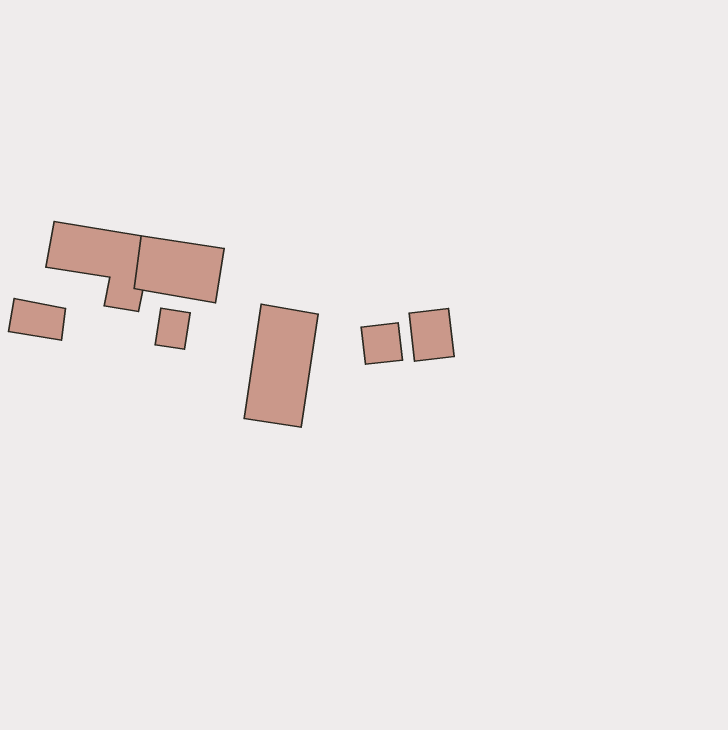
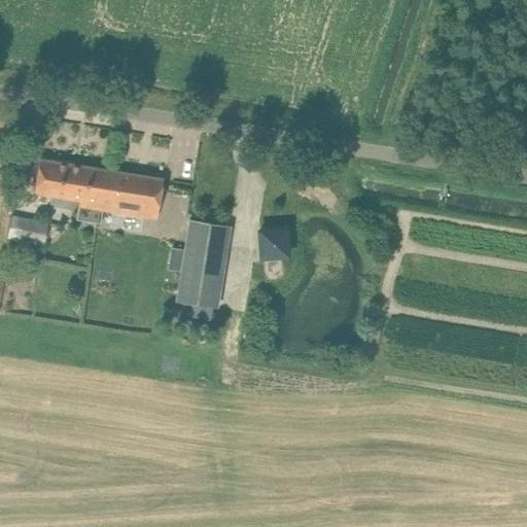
building: [155,308,190,349] -> none
building: [409,309,454,361] -> none

